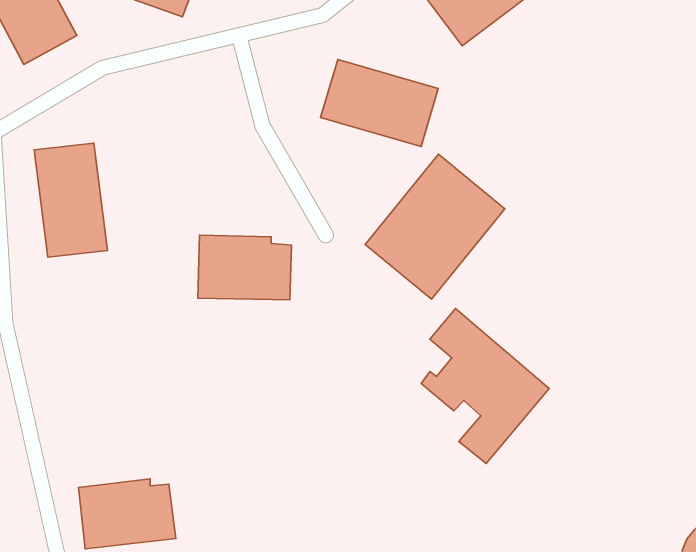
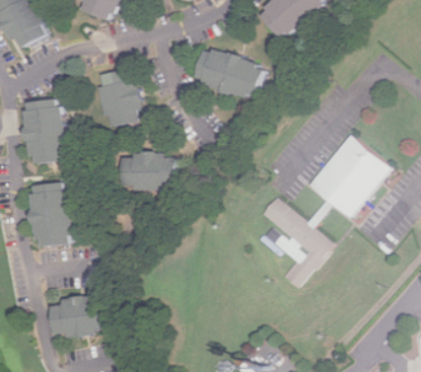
building: none -> [94,70,139,128]
building: [365,154,505,299] -> [306,131,390,217]
building: none -> [30,182,71,248]

